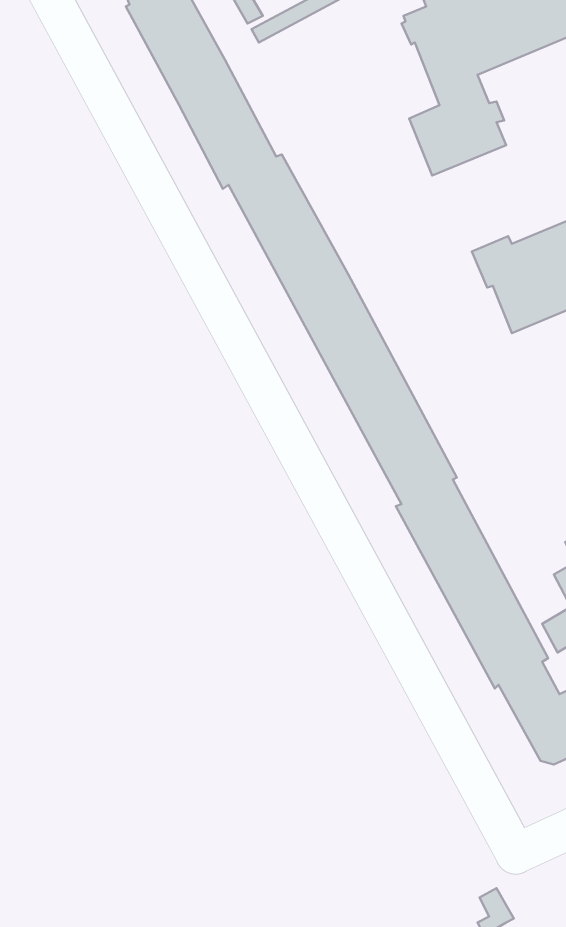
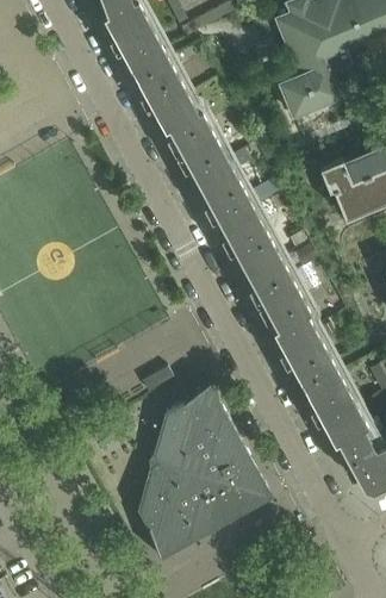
building: none -> [139,386,273,562]

